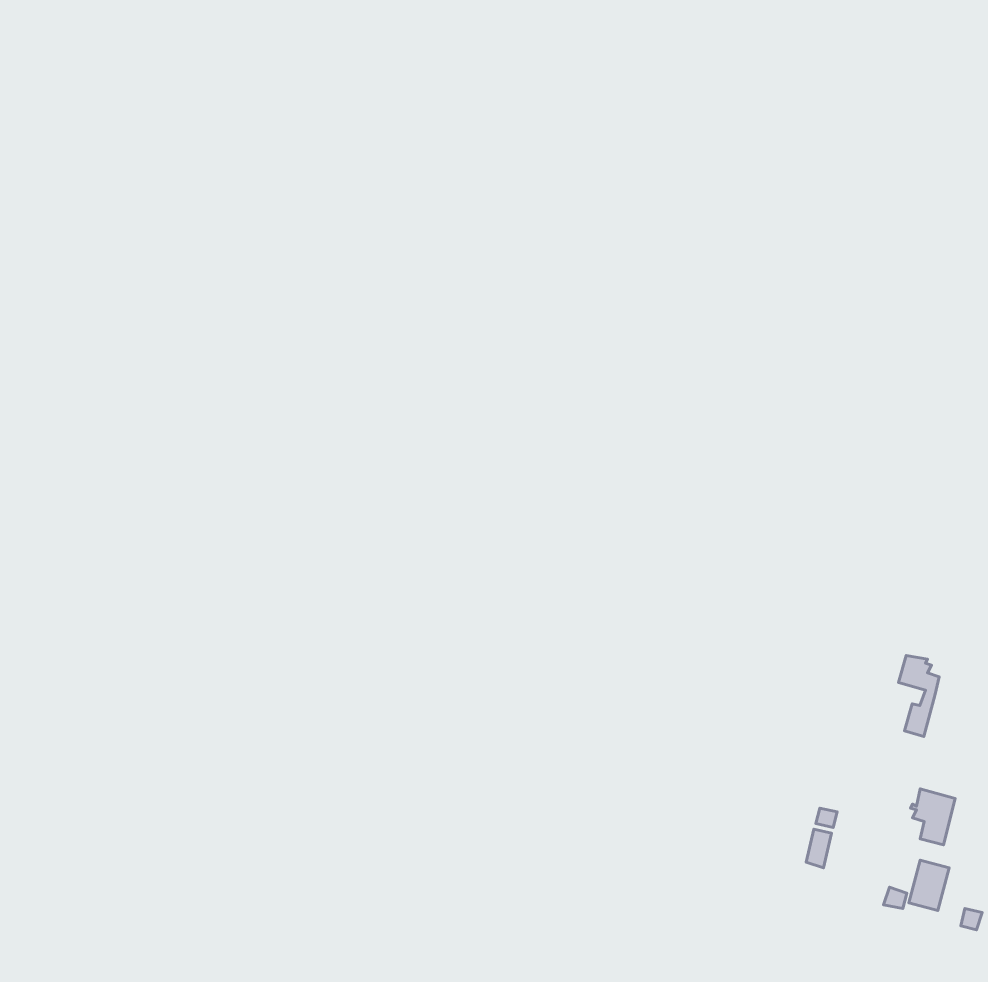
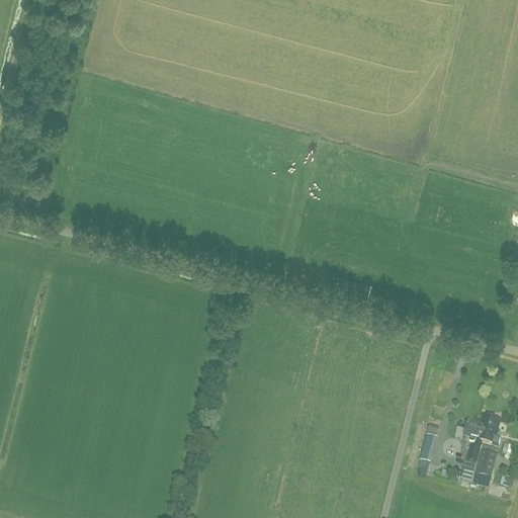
building: [899,655,939,737] -> [462,419,484,461]

